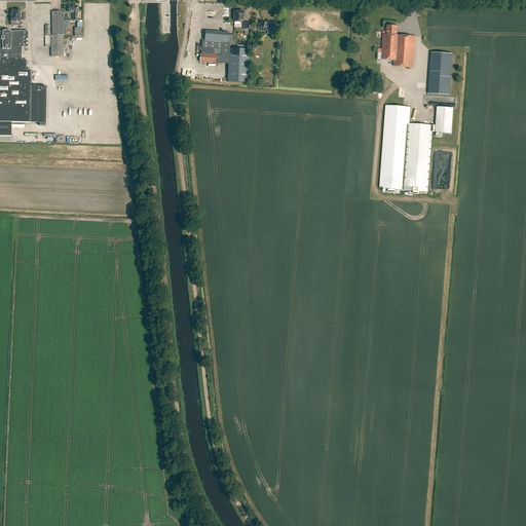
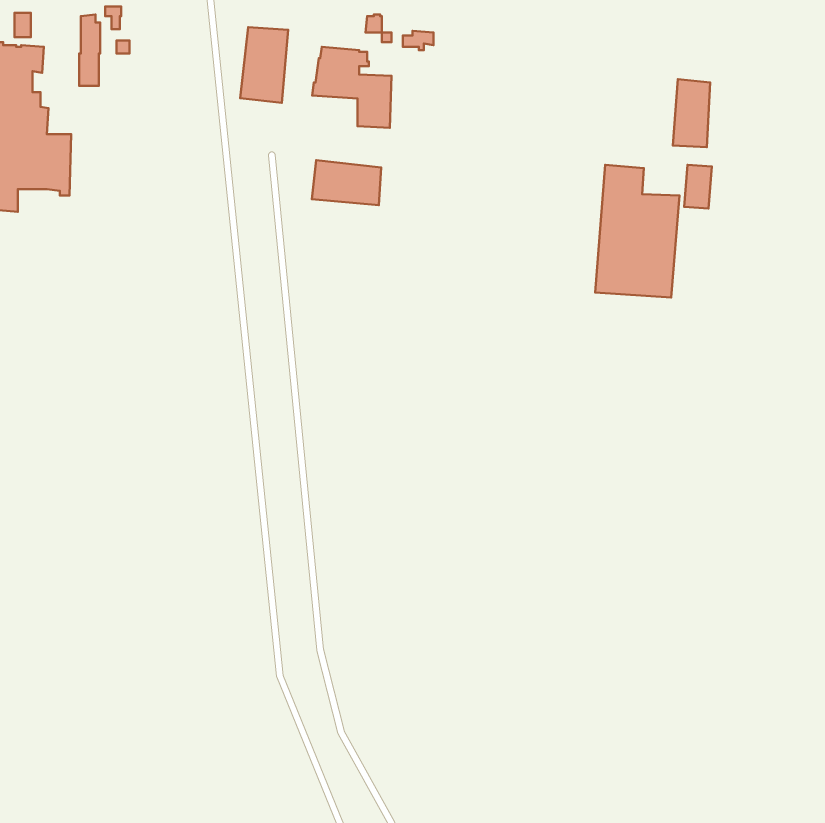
building: none -> [240,27,288,103]
building: [380,24,415,66] -> none
building: none -> [312,160,381,205]

